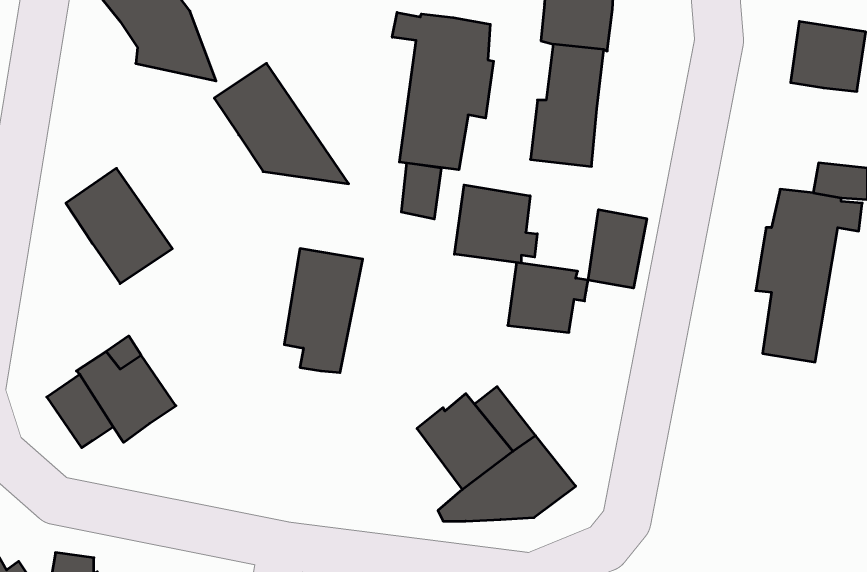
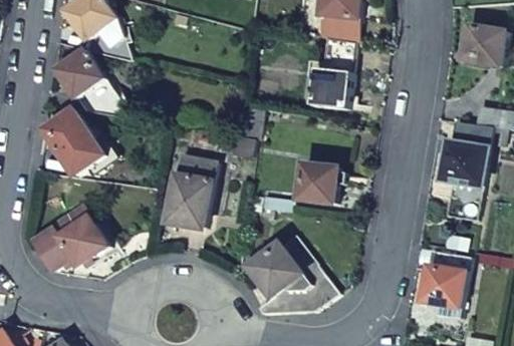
building: [392,12,494,170] -> none
building: [214,63,349,184] -> [53,48,131,117]
building: [454,185,537,263] -> none
building: [588,210,647,288] -> none
building: none -> [419,250,467,307]

